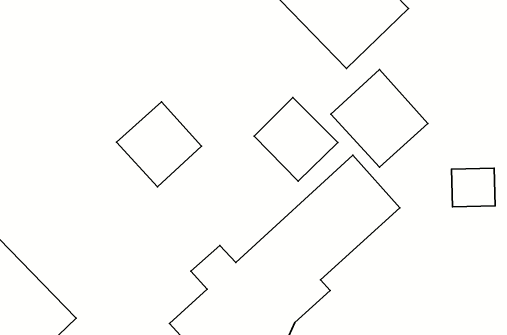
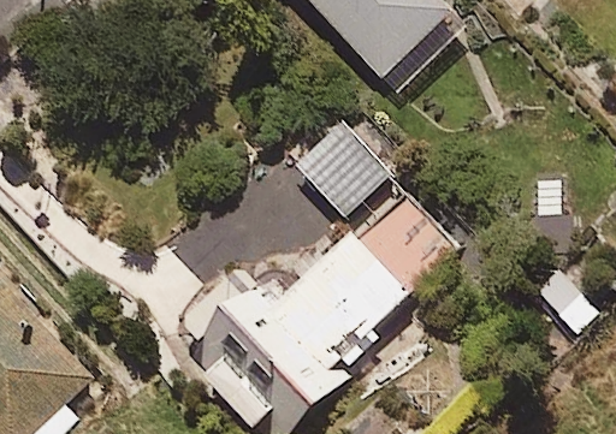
building: [331,69,428,167] -> none
building: [116,102,201,187] -> none

